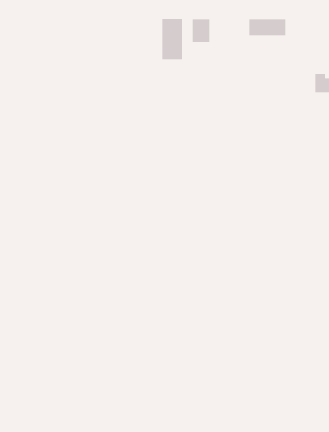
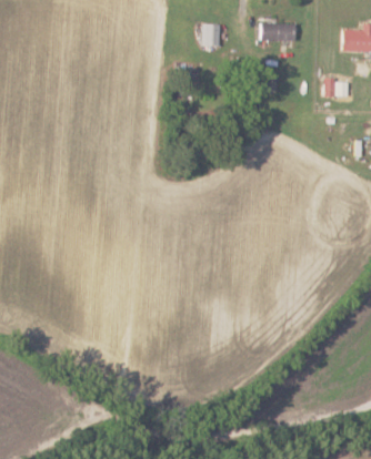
building: [162,18,182,60] -> none

